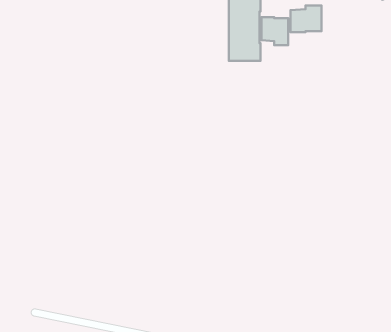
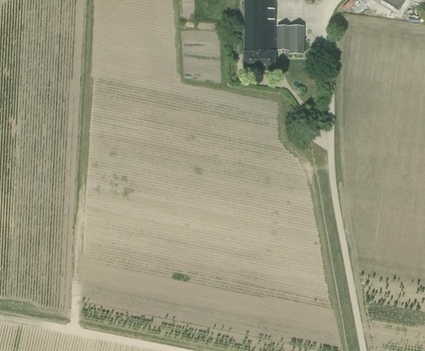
building: [291,5,322,32] -> none

